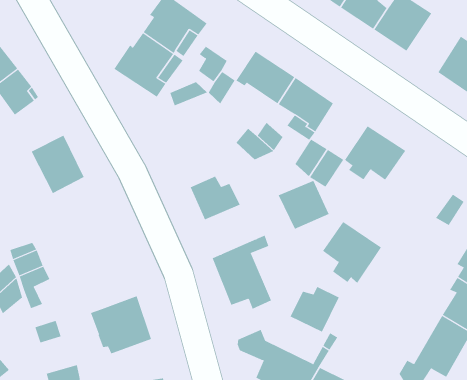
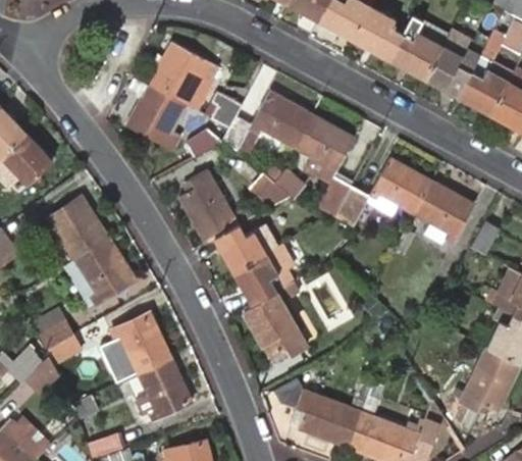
building: none -> [426,34,480,96]
building: none -> [178,170,241,245]
building: none -> [73,240,130,305]
building: [278,180,329,229] -> [233,253,289,306]
building: [322,221,382,284] -> [417,181,478,244]
building: none -> [109,313,171,374]
building: [290,286,339,332] -> none

